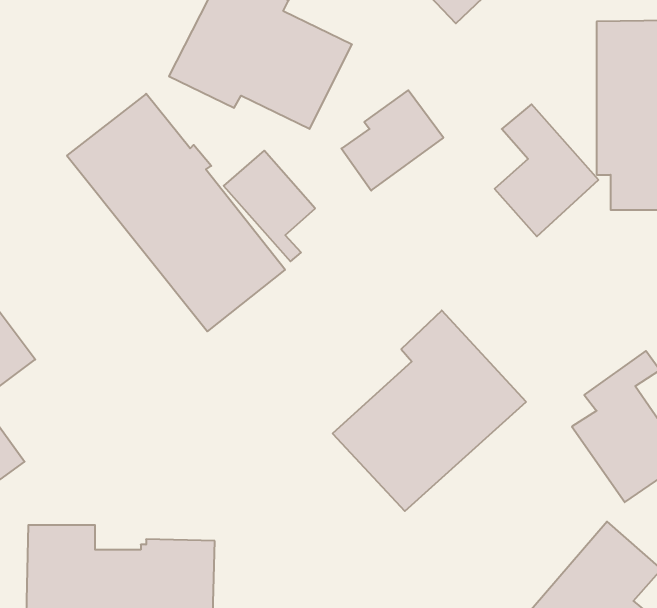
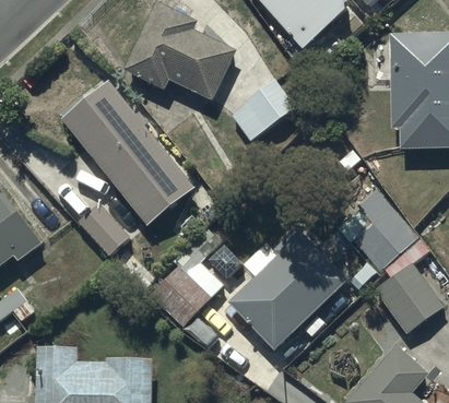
building: [495,104,598,236] -> [353,182,417,264]
building: [224,151,315,261] -> [75,200,132,269]
building: none -> [147,259,225,339]

